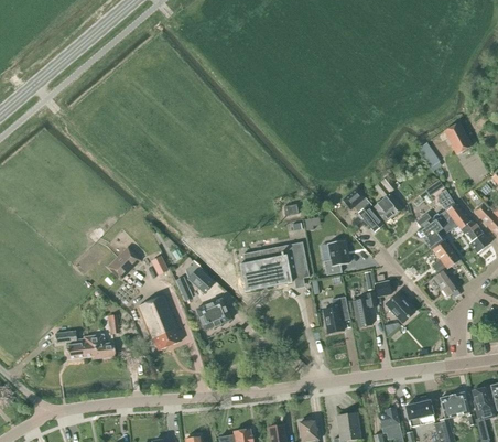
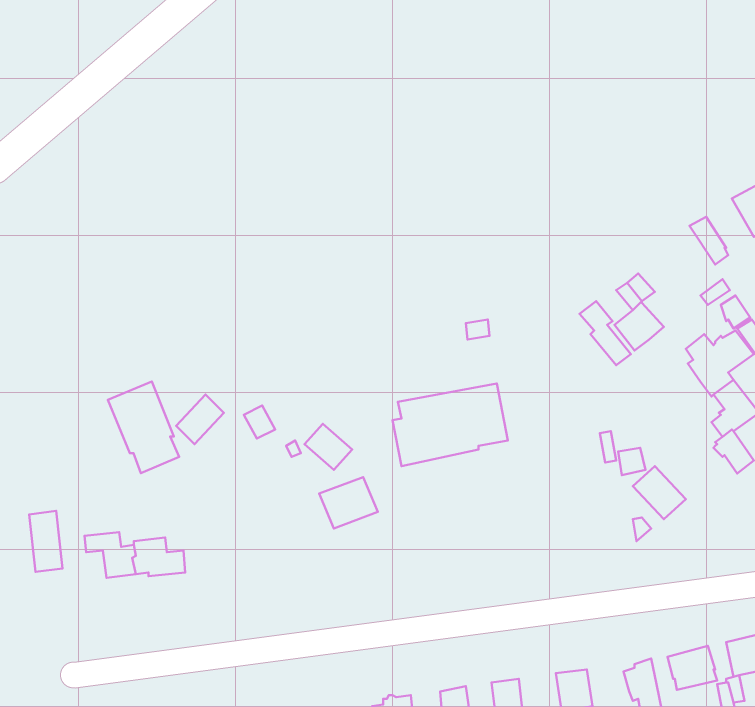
building: [323,240,349,276] -> none
building: [351,293,377,327] -> none
building: [138,295,181,351] -> [108,382,179,473]
building: [322,297,347,333] -> none
building: none -> [29,511,62,572]

